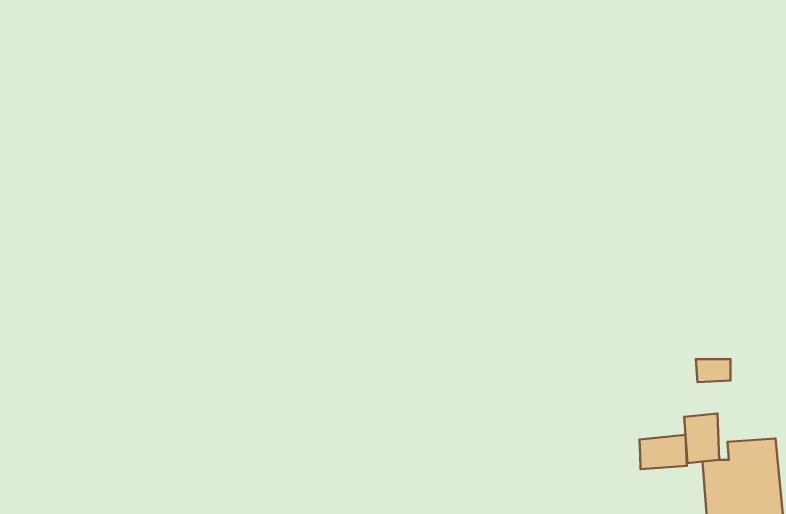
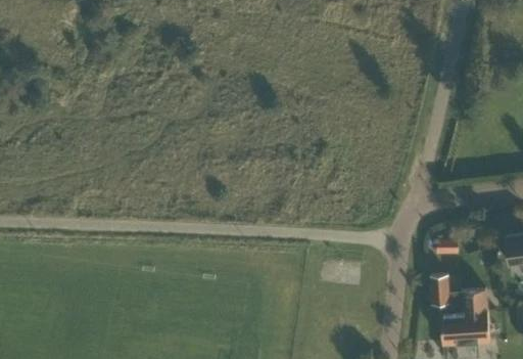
building: [639,435,687,469] -> none

